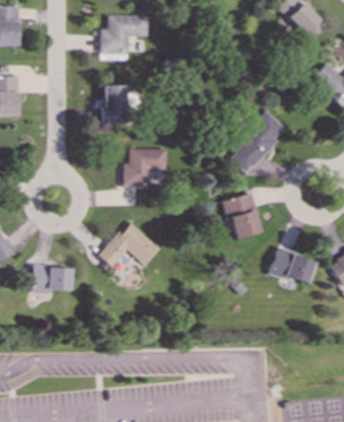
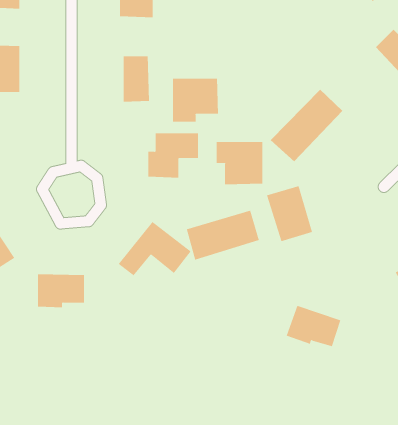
building: none -> [172,78,219,123]
building: none -> [216,141,263,185]
building: none -> [186,210,259,261]
building: [269,249,315,283] -> [286,305,341,347]

